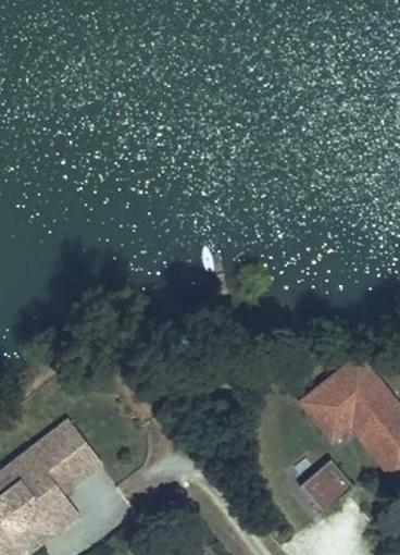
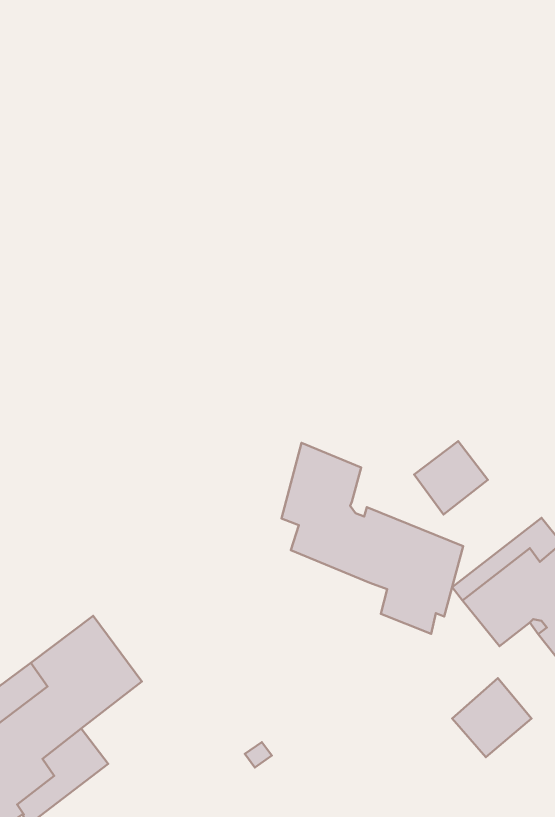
building: none -> [414,441,488,515]
building: none -> [282,443,463,634]

